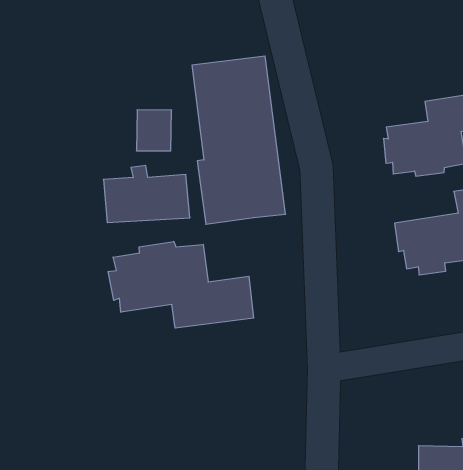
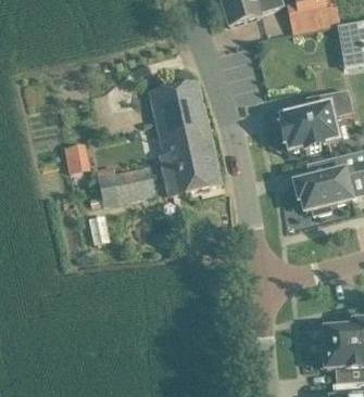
building: [136,110,172,151] -> [64,142,89,171]
building: [108,241,253,328] -> none

